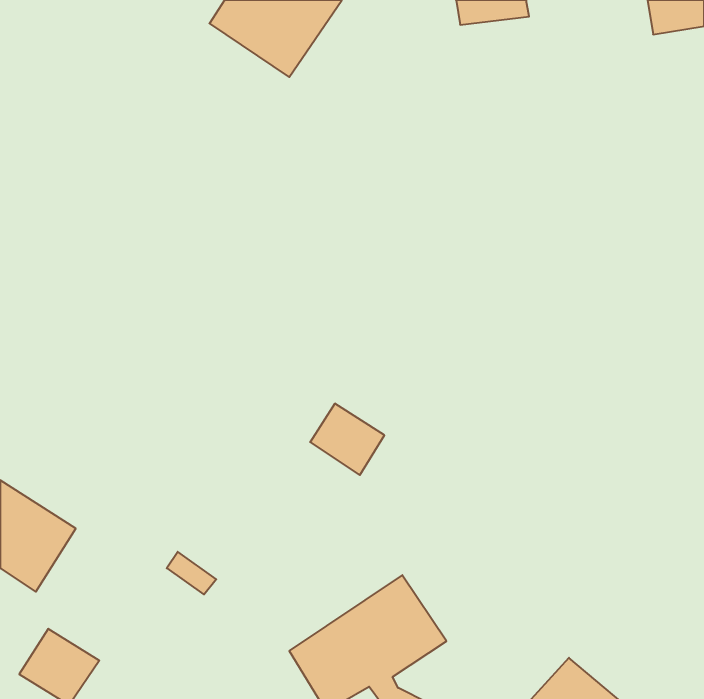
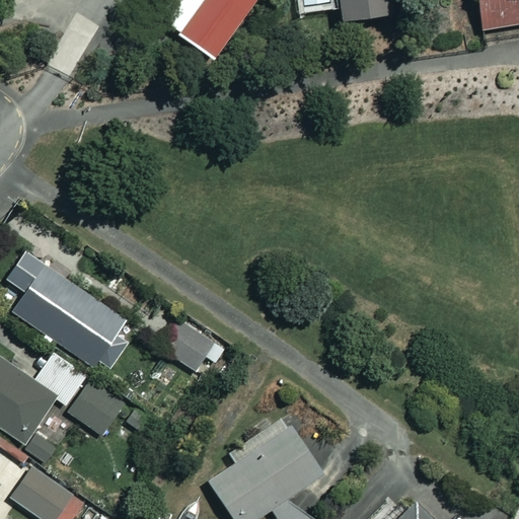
building: none -> [13,271,121,366]
building: [310,404,384,475] -> [161,319,216,372]
building: none -> [69,380,124,435]

